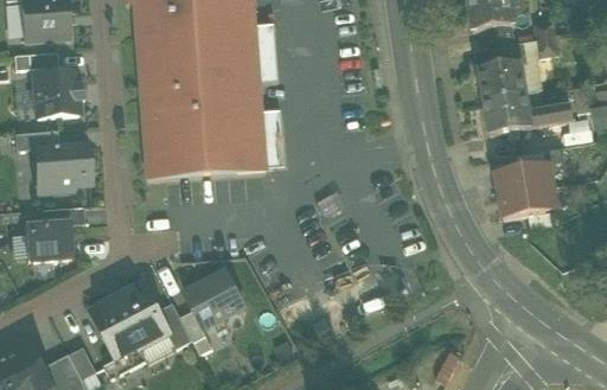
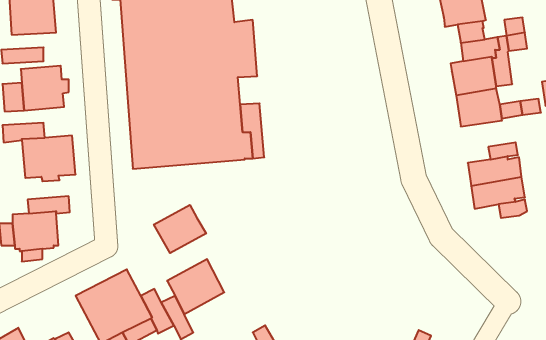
building: none -> [154,205,206,253]

